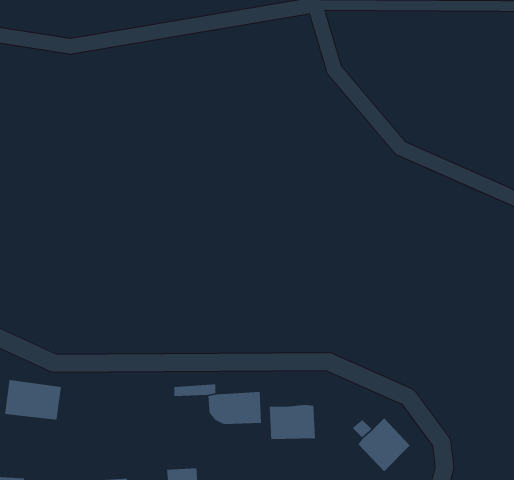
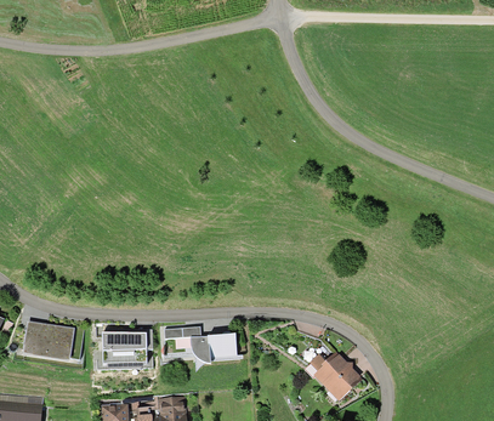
building: none -> [104,331,147,360]
building: [269,404,316,440] -> none

